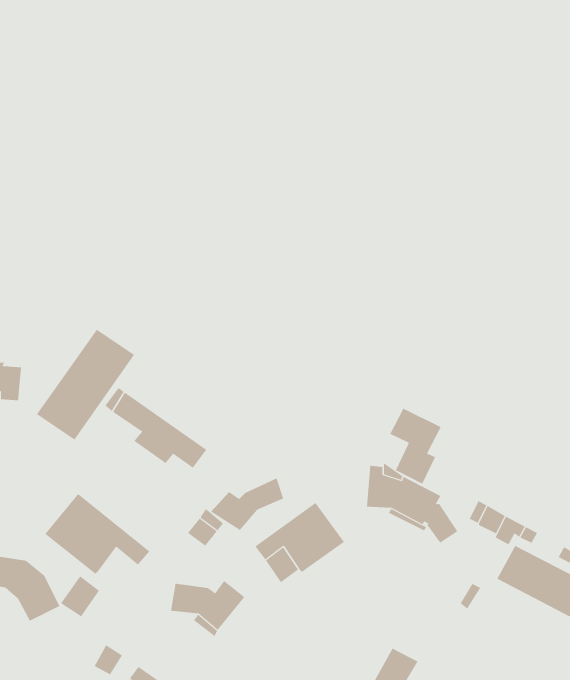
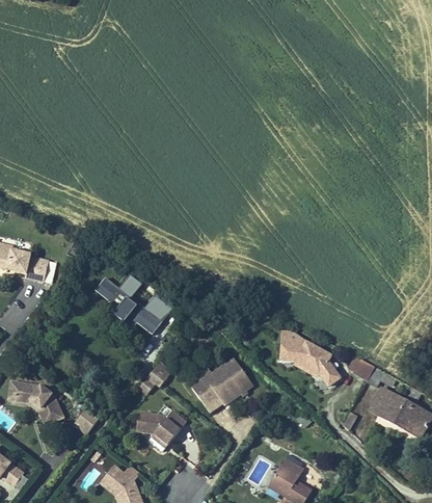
building: [36,329,135,440] -> none
building: [389,408,442,484] -> none
building: [210,477,284,531] -> none
building: [45,493,150,574] -> none

